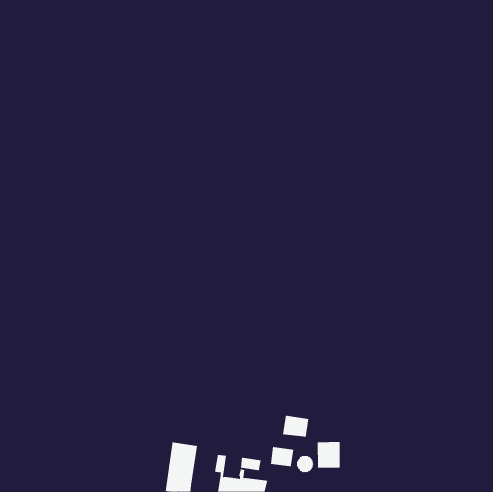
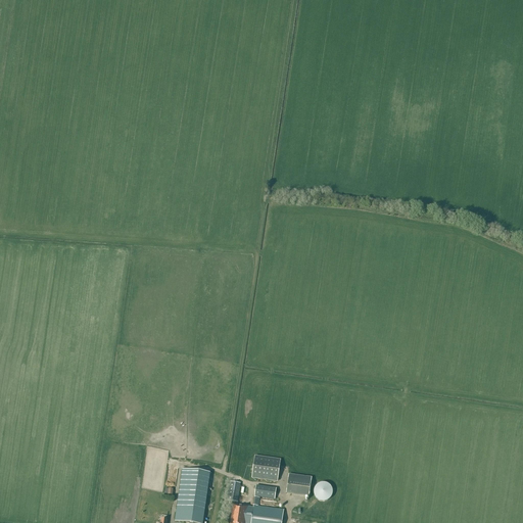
building: [282,415,309,437] -> [251,456,280,479]
building: [317,441,340,469] -> none

